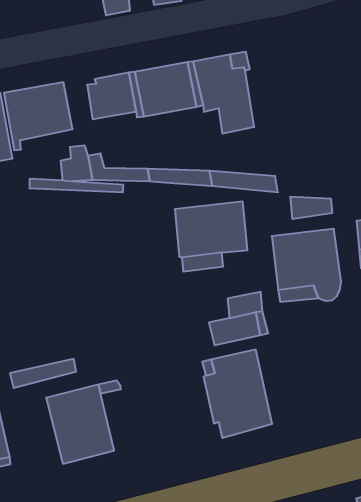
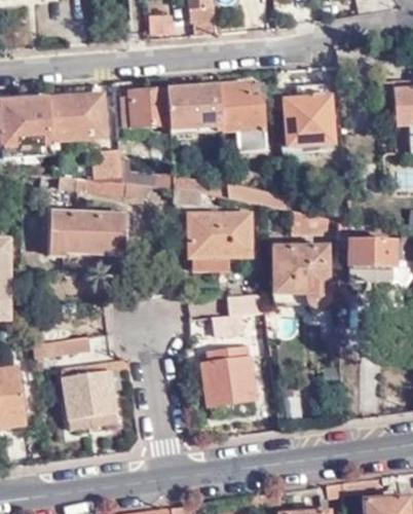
building: none -> [285,82,332,148]
building: none -> [49,213,128,256]

